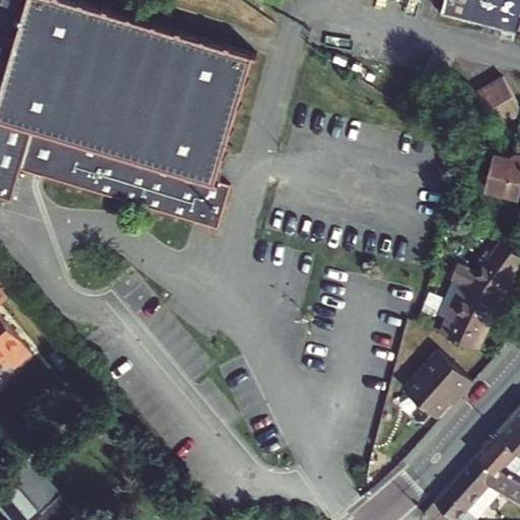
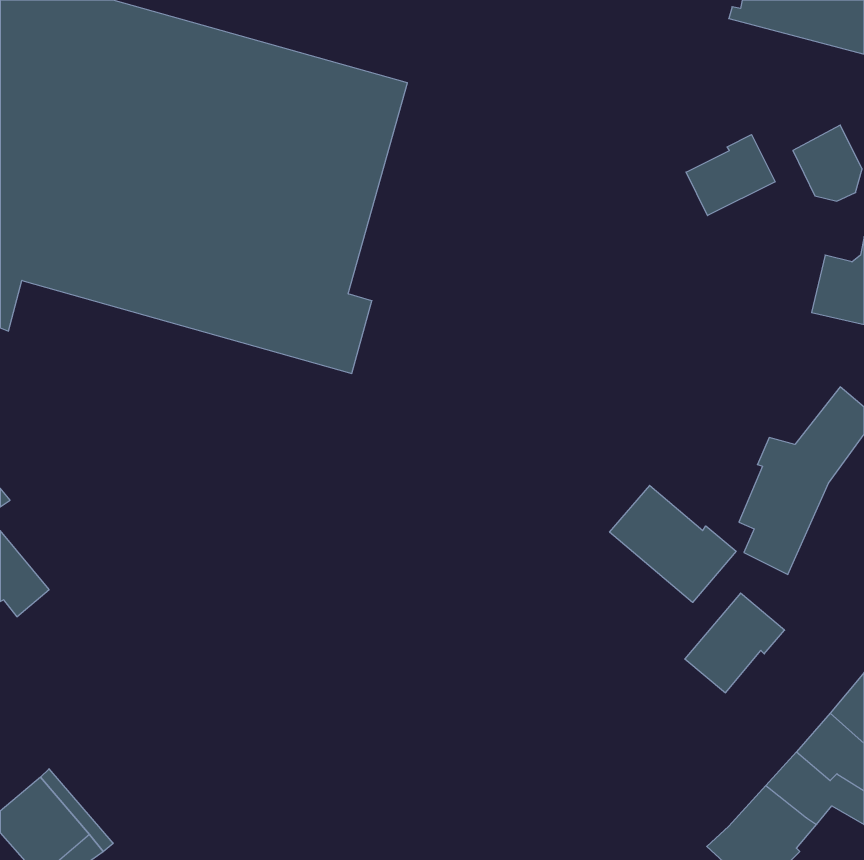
building: none -> [686,135,775,216]
building: none -> [610,485,736,602]

